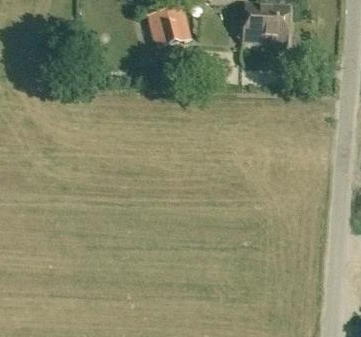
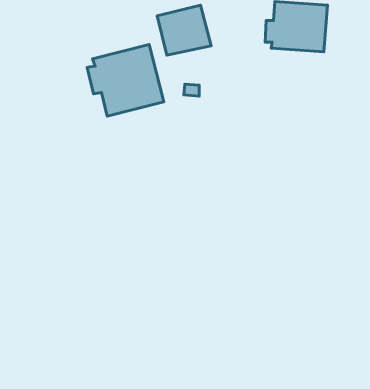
building: none -> [87,45,164,116]

